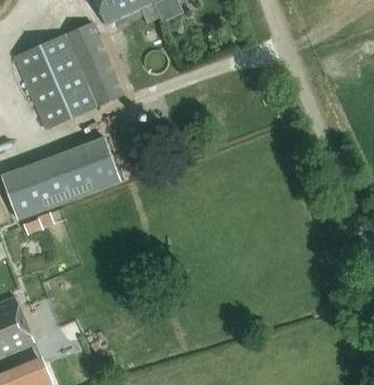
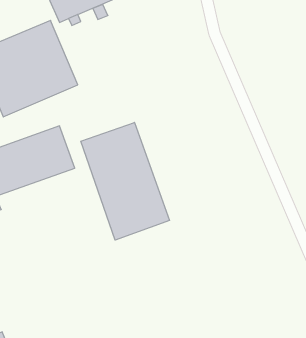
building: none -> [81,122,169,240]

